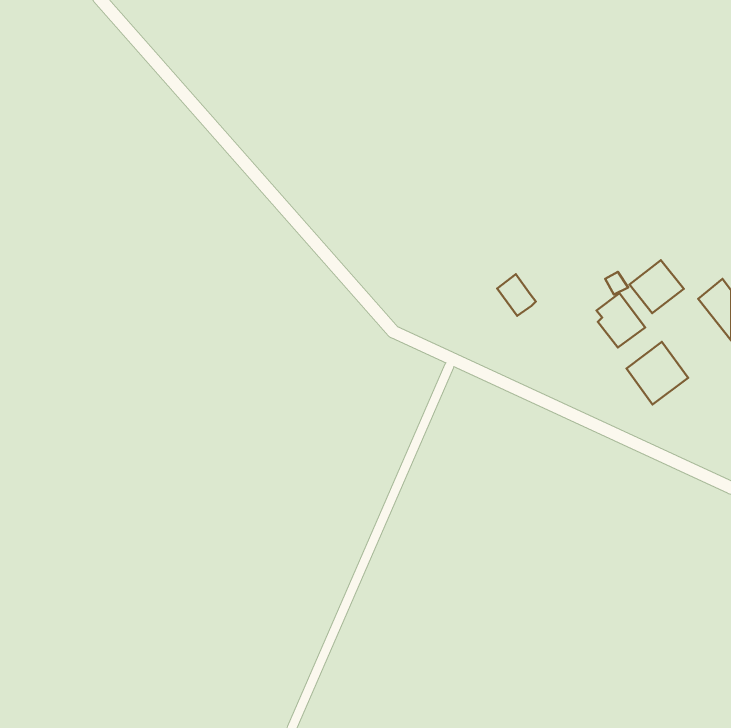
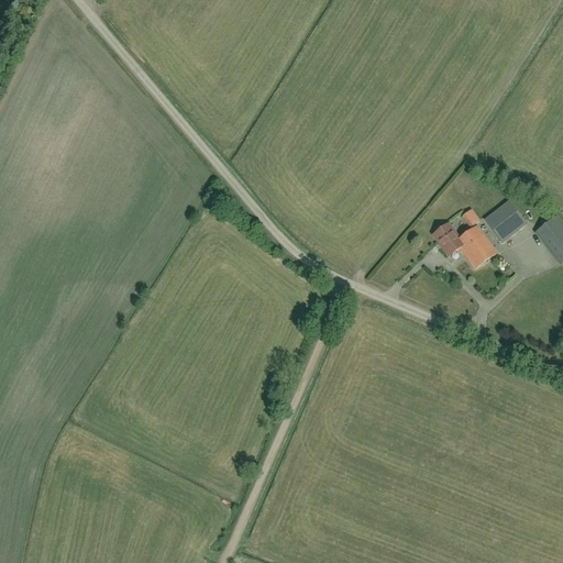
building: [497,274,536,316] -> [433,223,463,255]
building: [626,342,688,405] -> none

